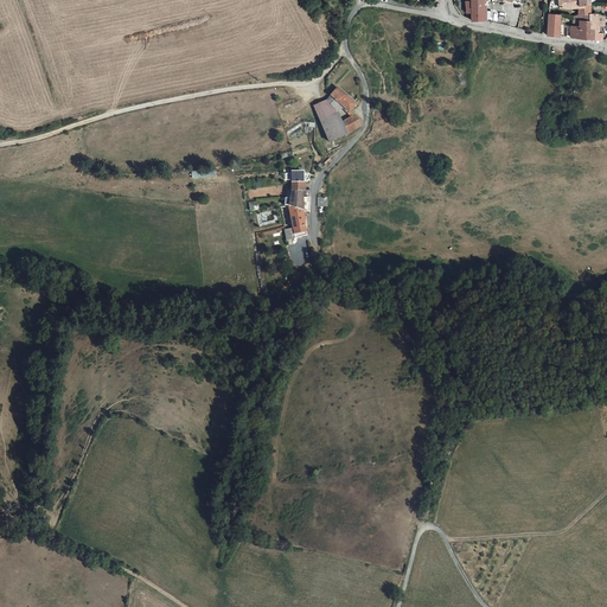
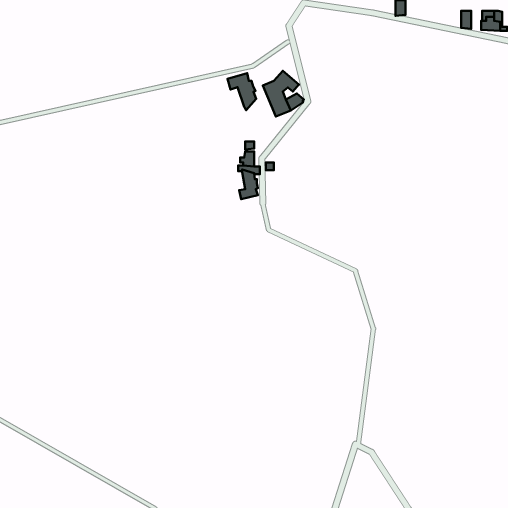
building: none -> [227,73,256,110]

